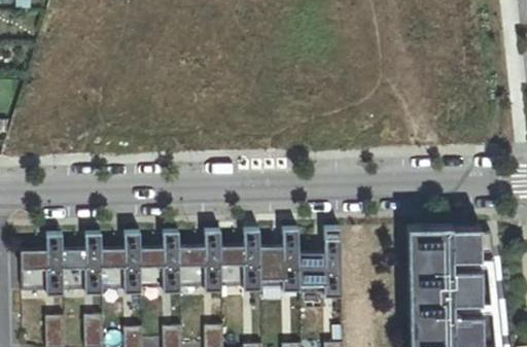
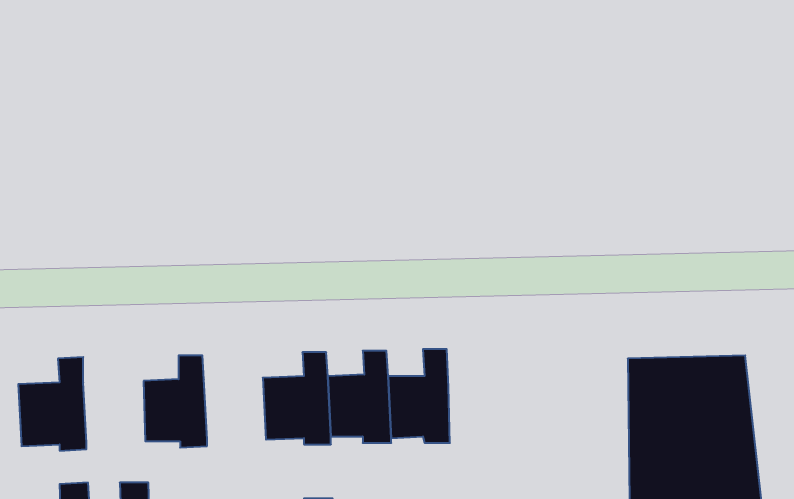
building: [296,227,340,296] -> none
building: [138,231,178,290] -> none
building: [60,232,101,292] -> none

